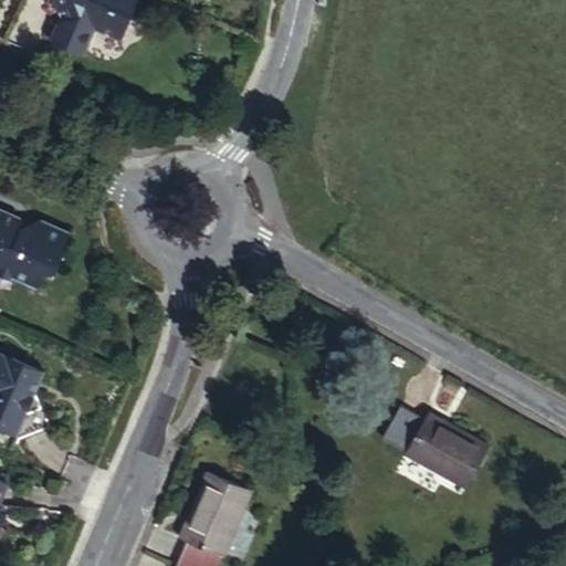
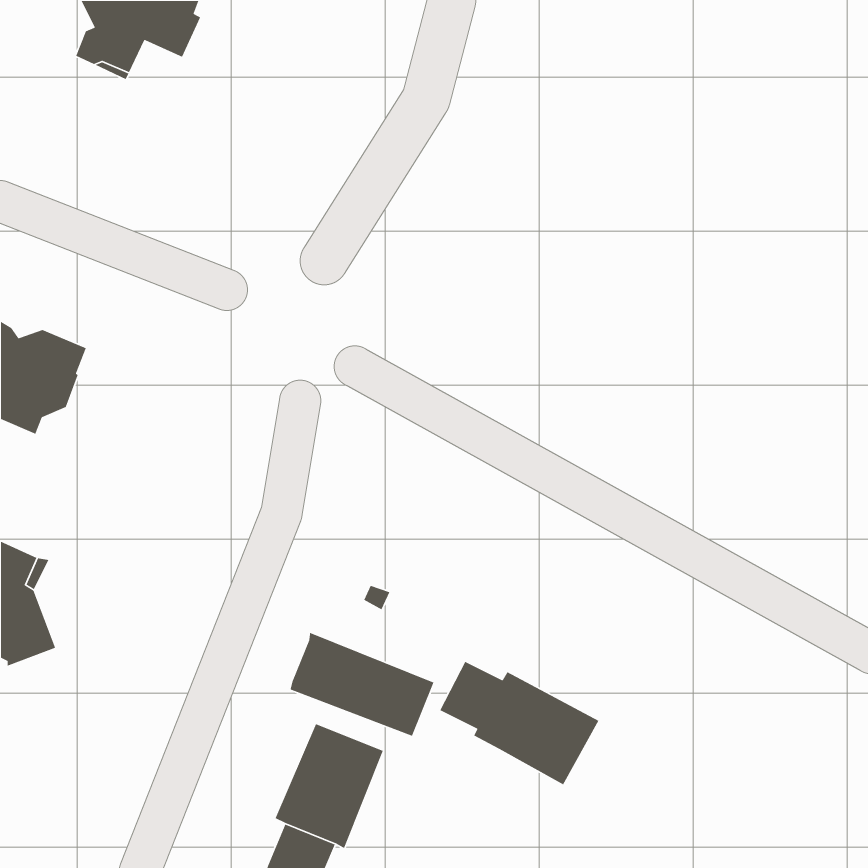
building: [384,410,488,491] -> [439,661,599,785]
building: none -> [290,632,435,737]

